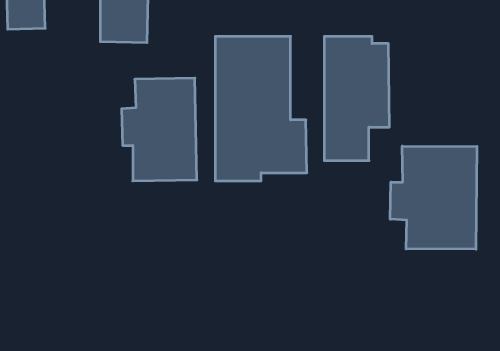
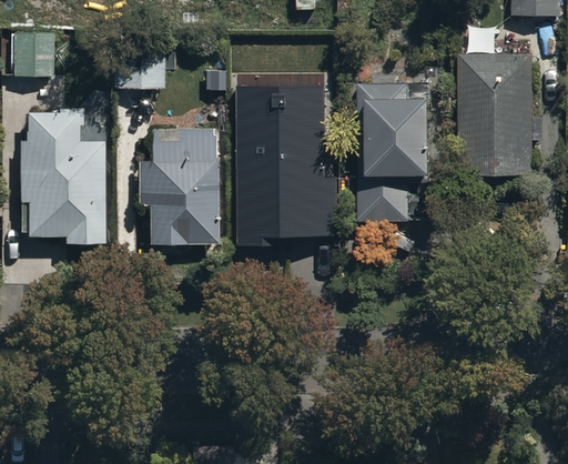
building: none -> [457,53,534,176]
building: none -> [19,107,105,242]
building: [390,146,477,249] -> none

